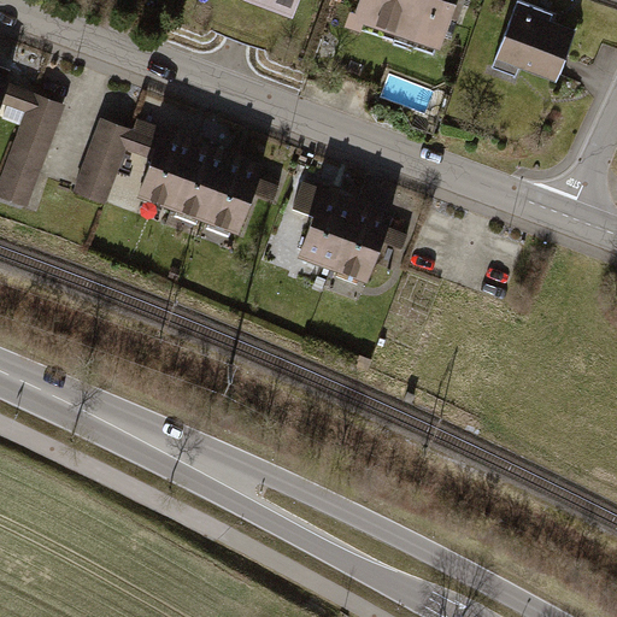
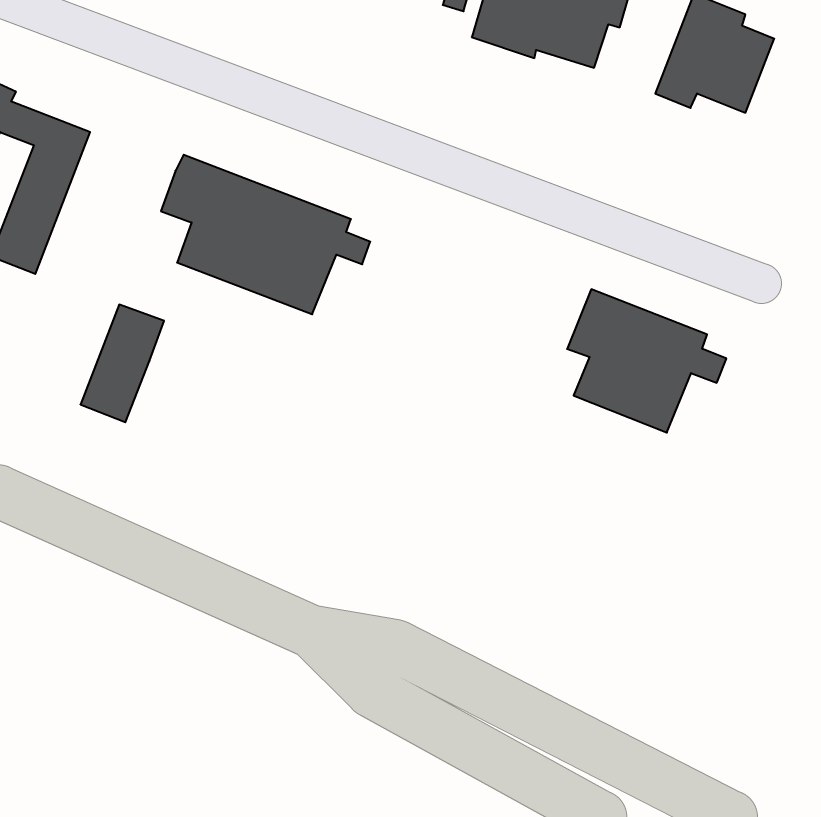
building: [69,116,131,204] -> [80,305,164,422]
building: [286,177,405,284] -> [567,289,726,433]

